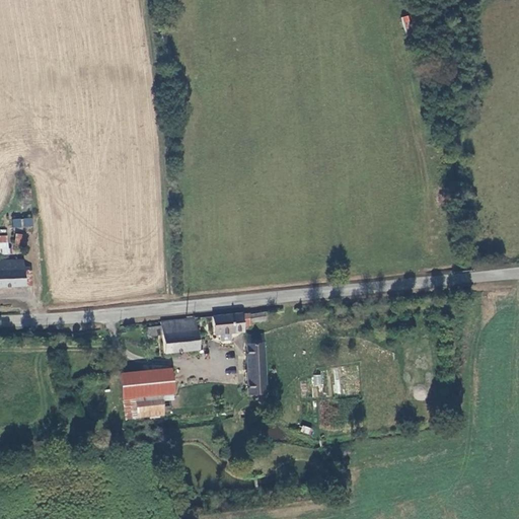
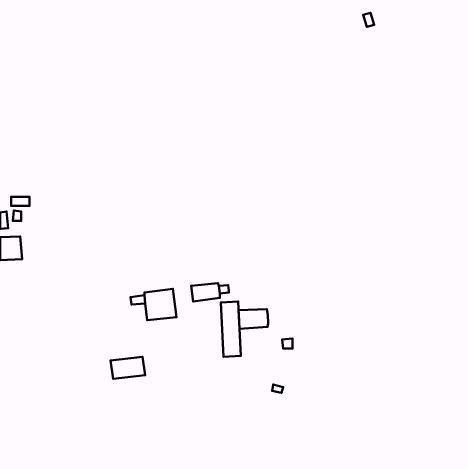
building: none -> [239,309,268,329]
building: [120,368,172,398] -> none

